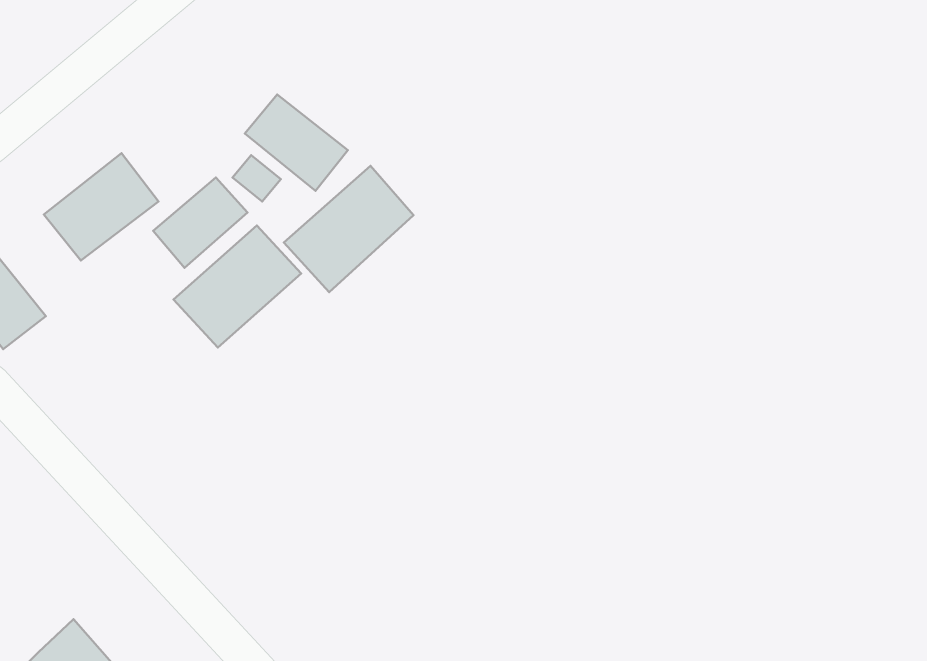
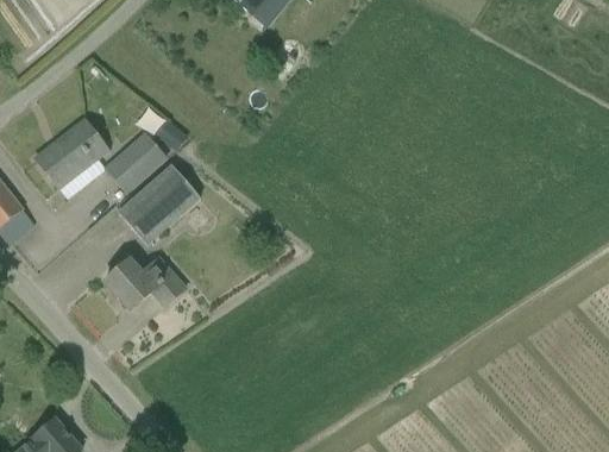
building: [245,94,348,191] -> none
building: [284,166,414,292] -> none
building: none -> [105,257,187,310]

